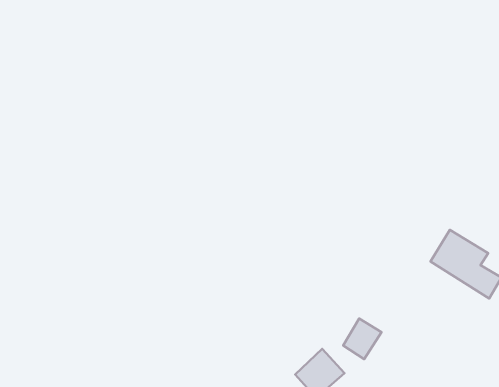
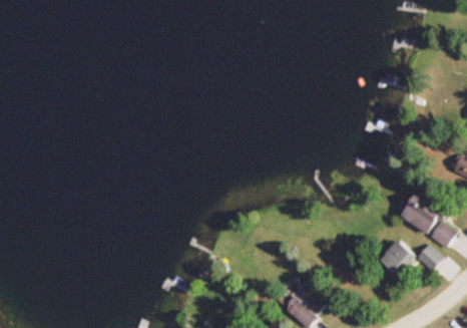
building: none -> [416,244,444,272]
building: [343,319,381,359] -> [382,240,413,273]

